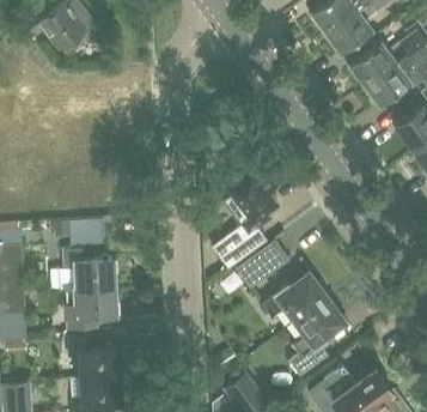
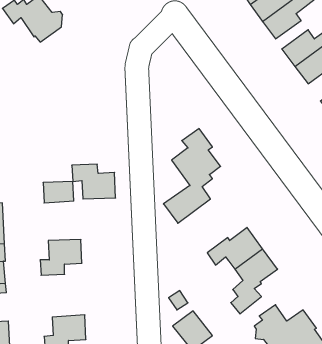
building: [236,240,288,287] -> none
building: [62,248,114,289] -> [72,164,116,199]
building: [67,338,118,378] -> none

